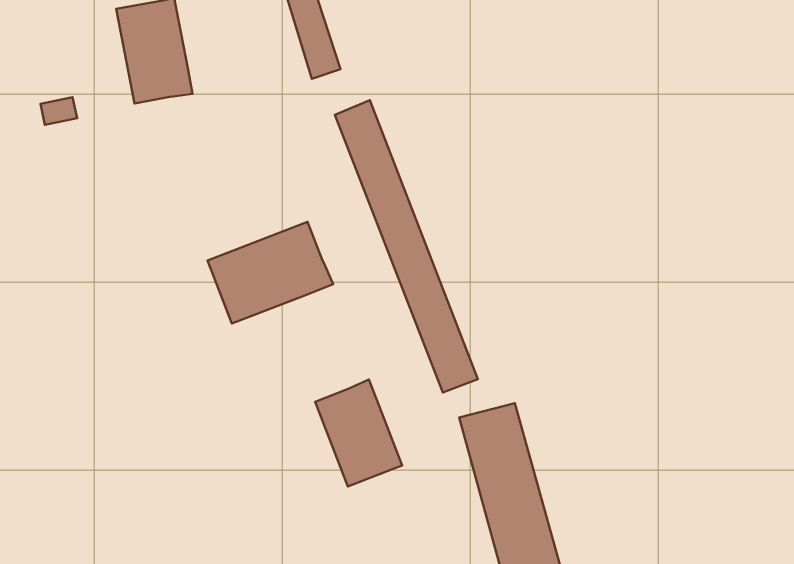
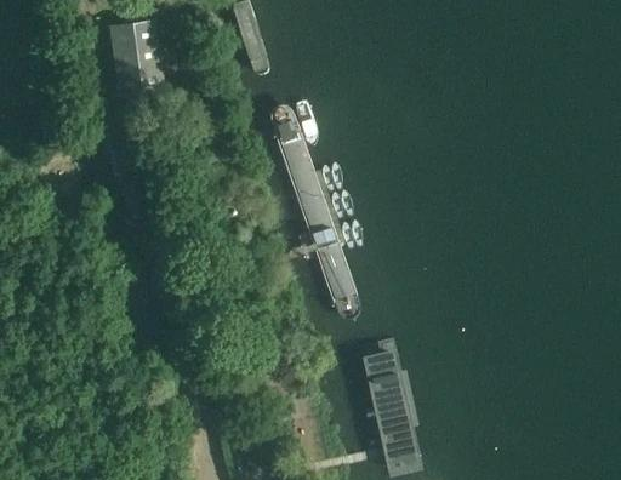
building: [208,222,333,324] -> none
building: [315,380,402,486] -> none

